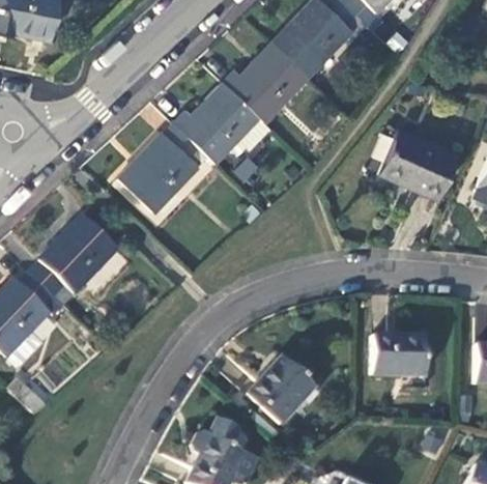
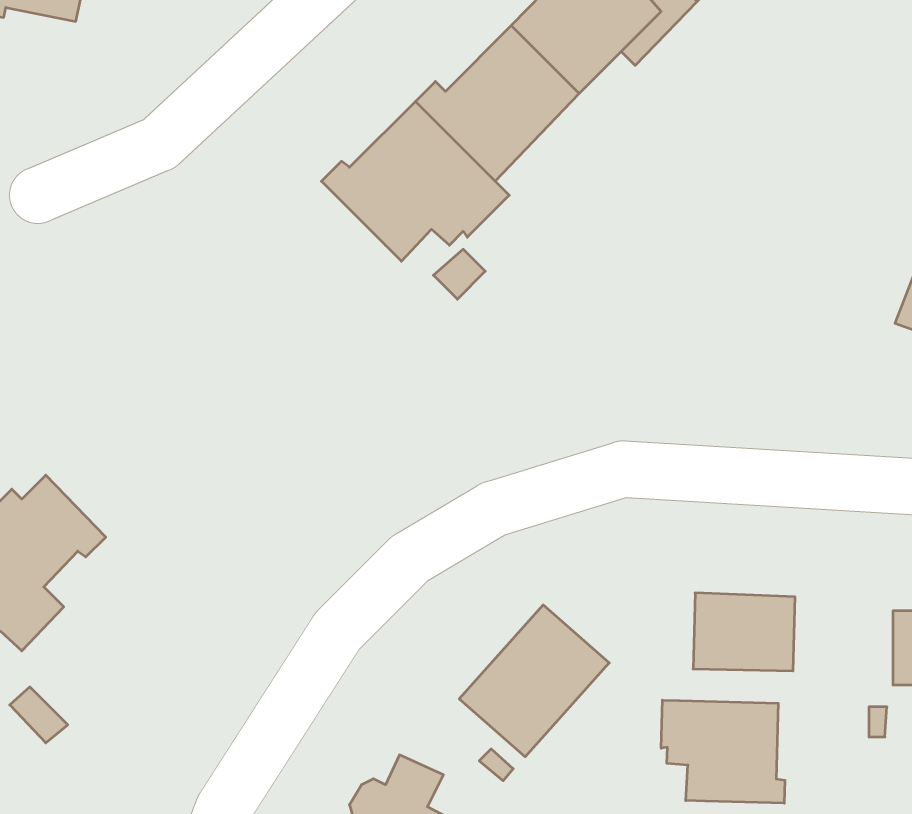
building: [120,121,209,209] -> none
building: [383,131,460,198] -> none
building: [33,216,119,306] -> none
building: none -> [661,700,785,803]

